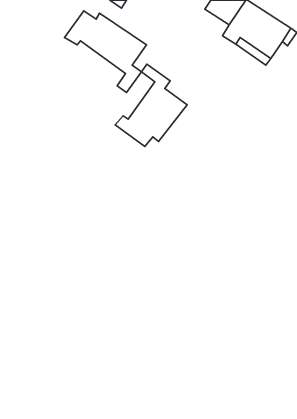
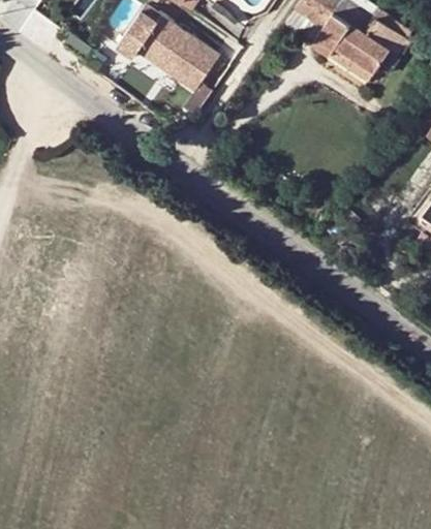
building: [115,64,187,146] -> none

